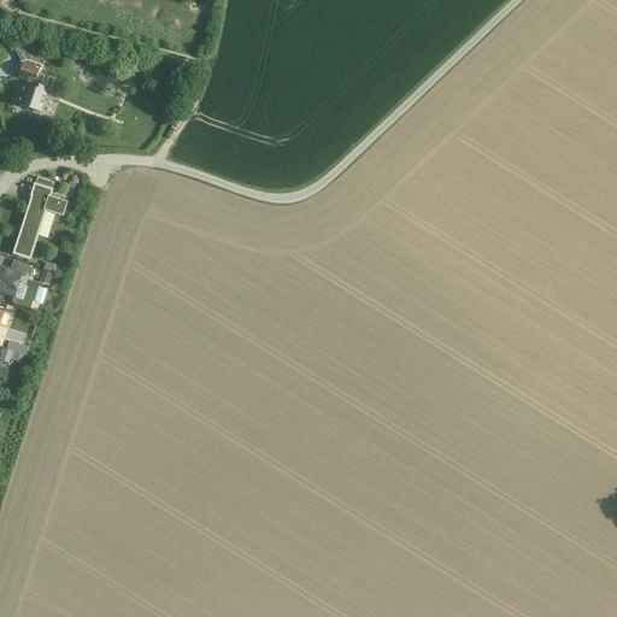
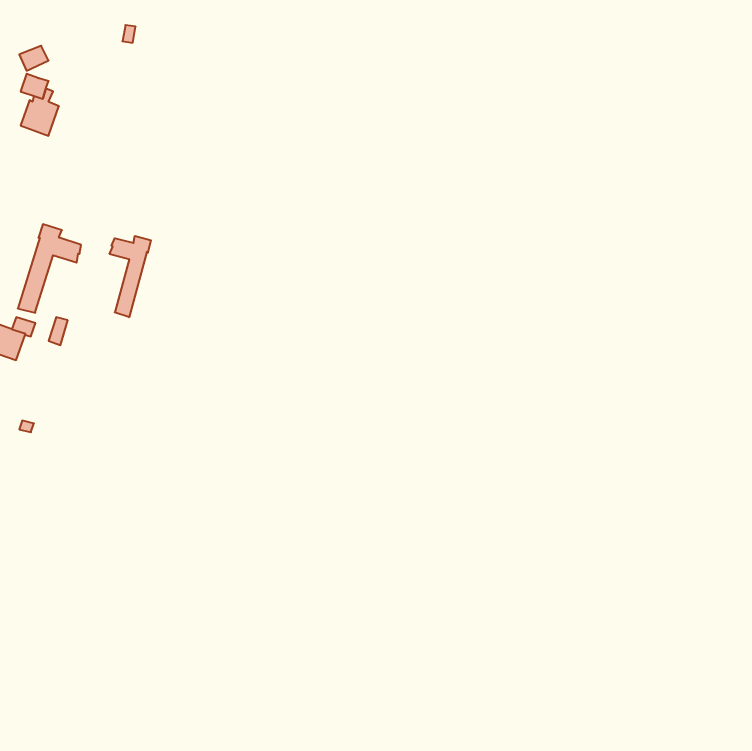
building: none -> [110,236,151,317]

